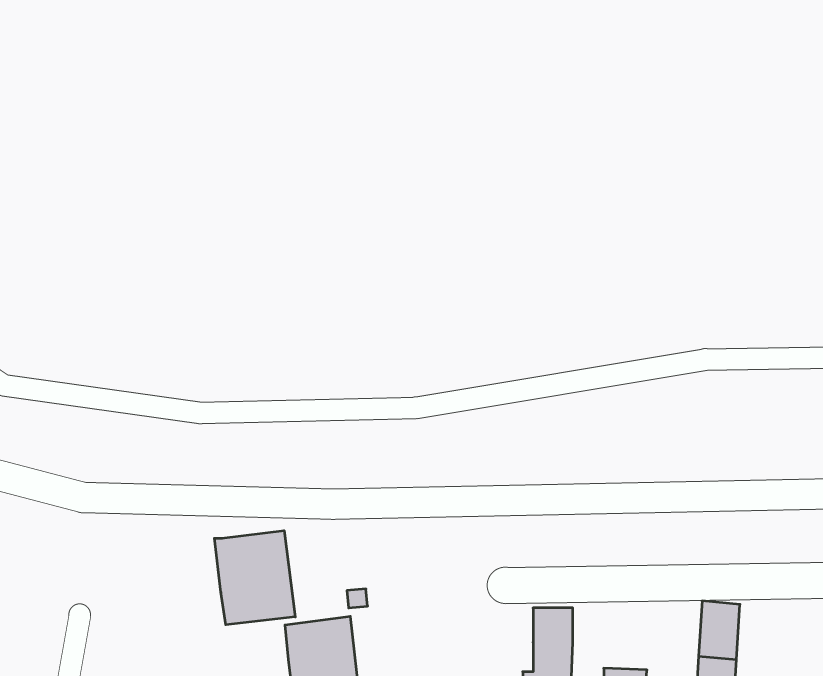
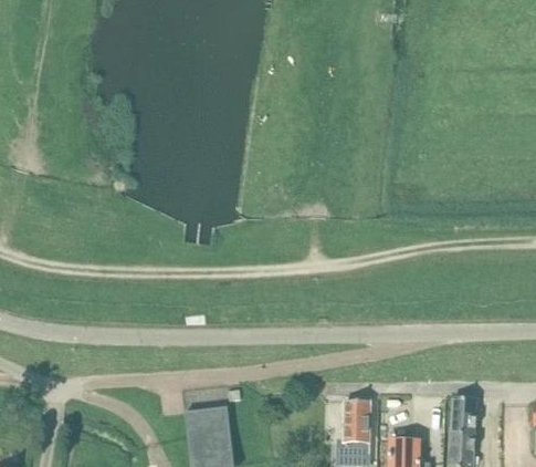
building: [214,531,295,625] -> none

